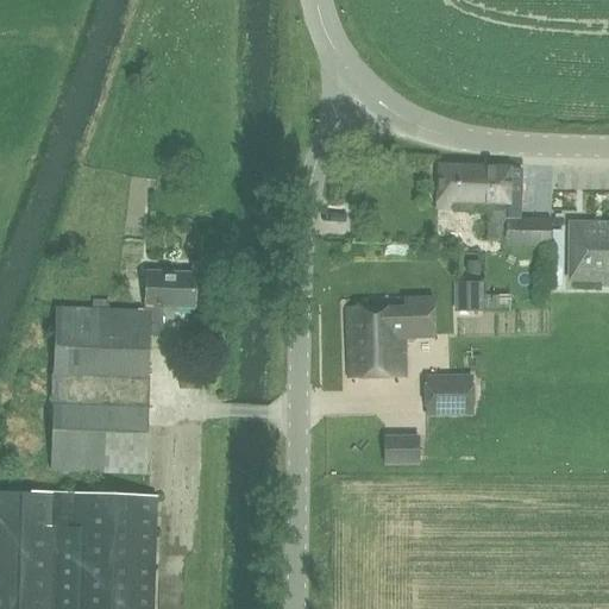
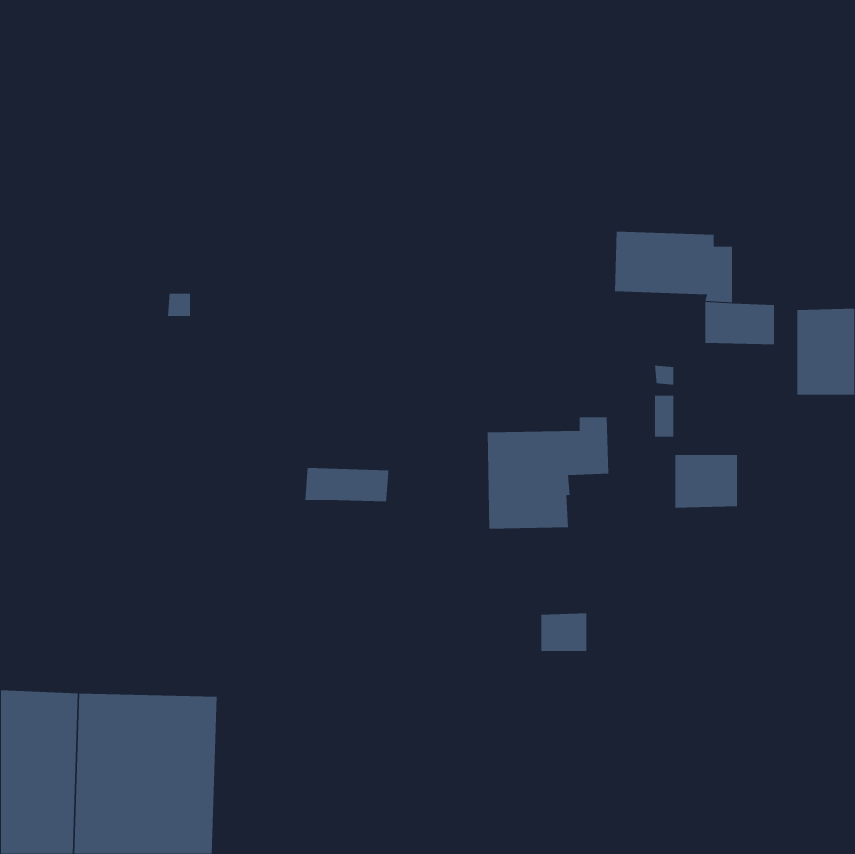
building: [49,270,194,475] -> none
building: none -> [305,467,389,502]
building: [426,376,471,414] -> [674,455,738,508]

